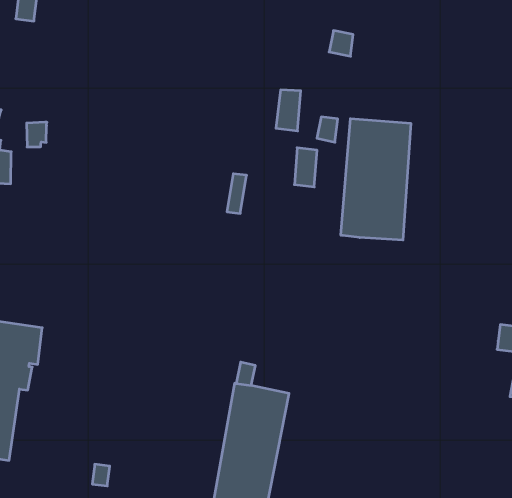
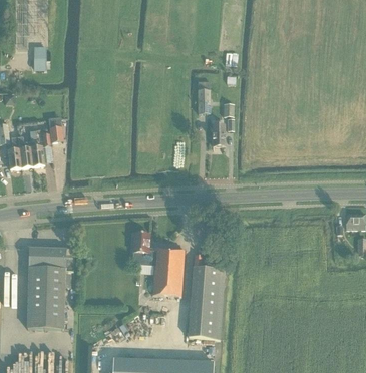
building: [341,119,411,240] -> none
building: none -> [131,233,182,296]

